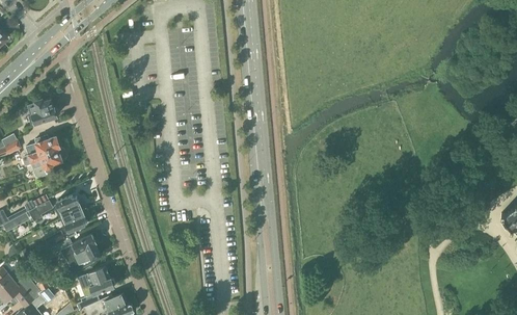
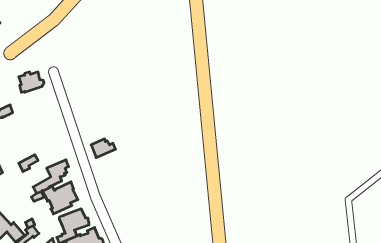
building: [22,134,67,177] -> none
building: [56,193,86,216] -> [91,139,116,158]

